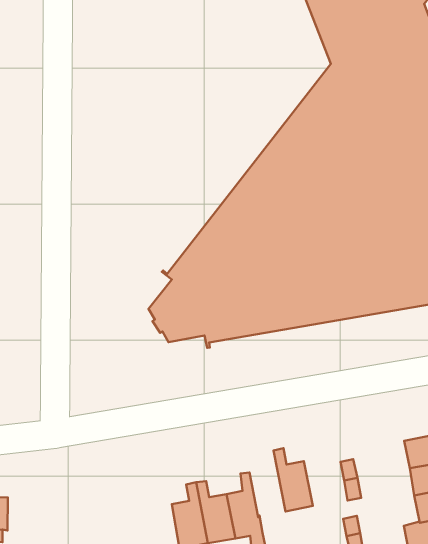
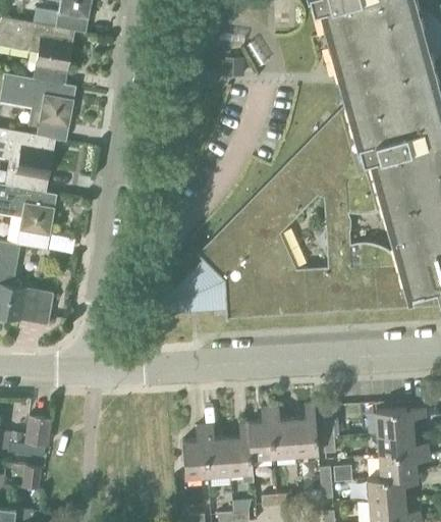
building: none -> [292,402,318,454]
building: none -> [247,406,273,458]

